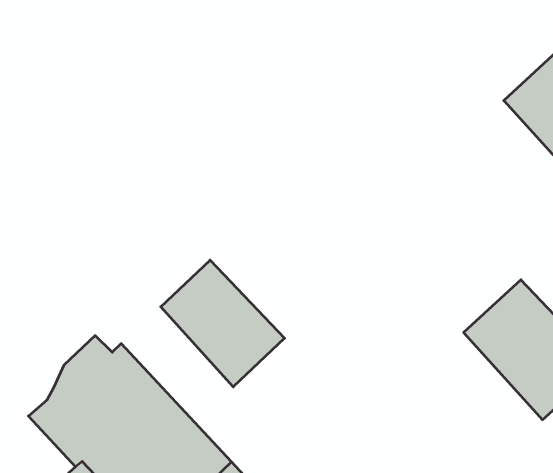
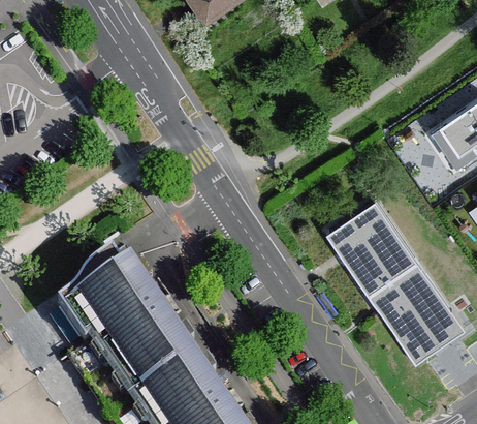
building: none -> [332,196,419,287]
building: [161,260,285,387] -> none

